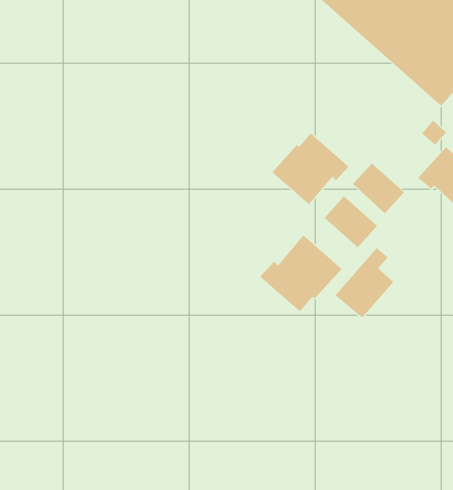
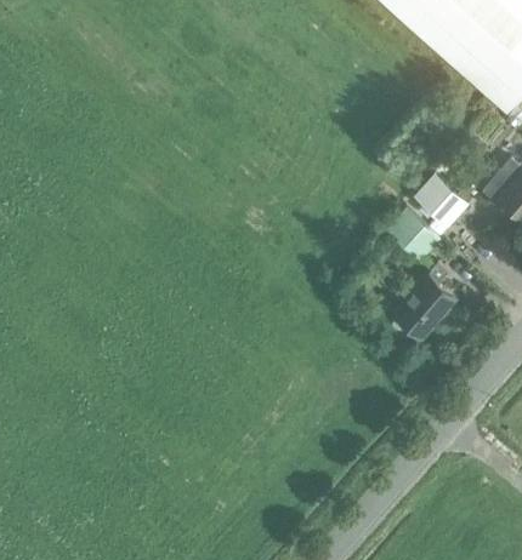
building: [272,133,349,205] -> none
building: [259,235,343,312] -> none

